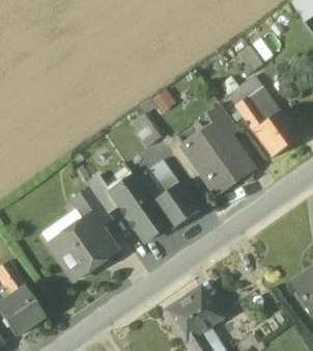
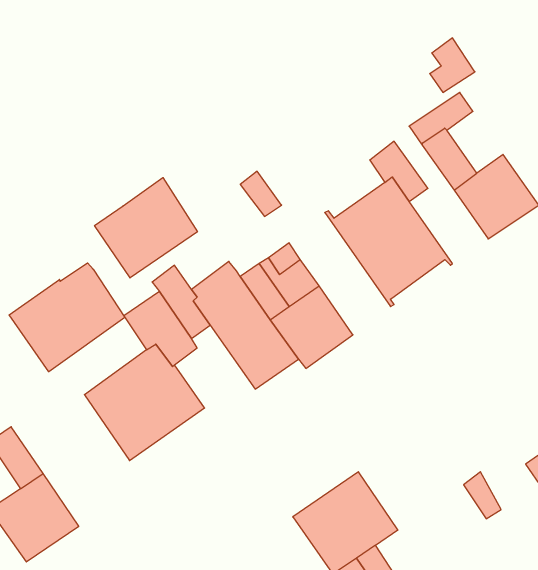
building: none -> [95,178,197,278]
building: none -> [9,263,125,372]

